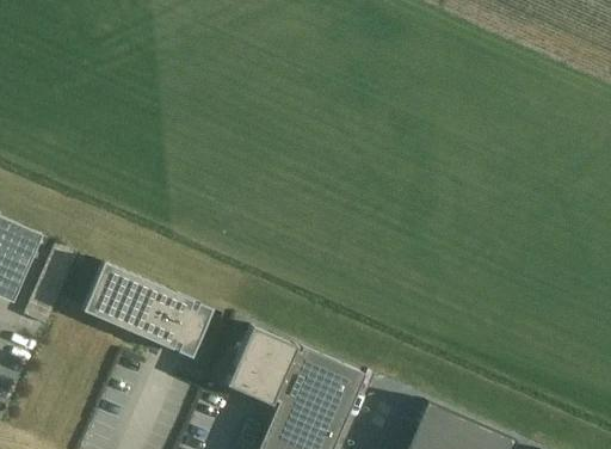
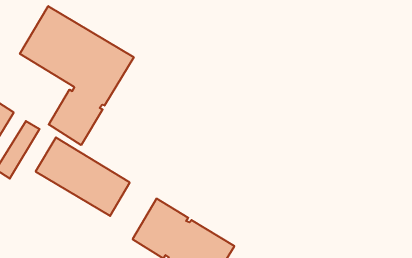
building: none -> [20,6,134,145]

